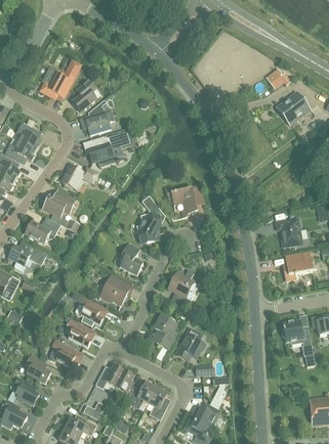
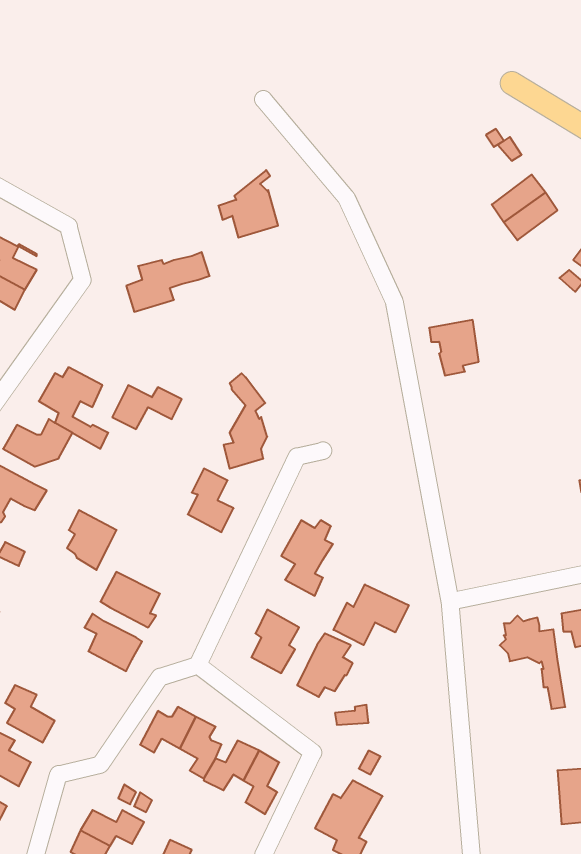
building: [40,60,80,96] -> none
building: [71,79,95,112] -> none
building: [79,99,110,134] -> [218,170,278,238]
building: [61,166,97,188] -> [112,385,182,429]
building: [165,185,197,217] -> none
building: [275,218,300,247] -> [429,320,479,376]
building: [282,252,313,280] -> none
building: [105,274,130,305] -> [67,510,117,570]
building: none -> [333,584,409,645]
building: [49,338,80,369] -> none

